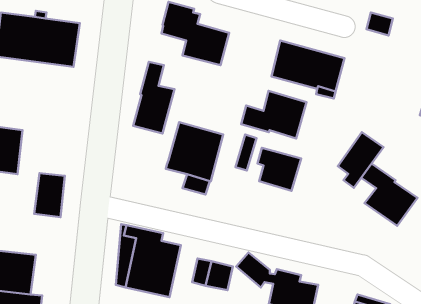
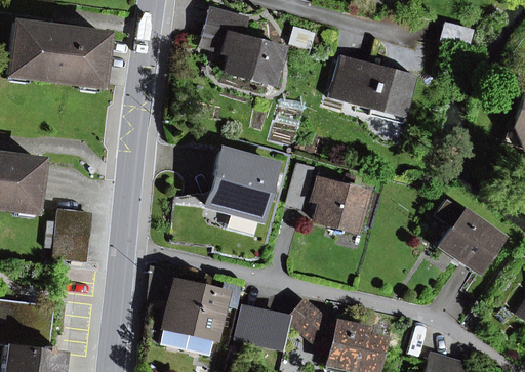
building: [133,62,174,134] -> none
building: [241,91,306,138] -> none
building: [338,132,383,188] -> none

